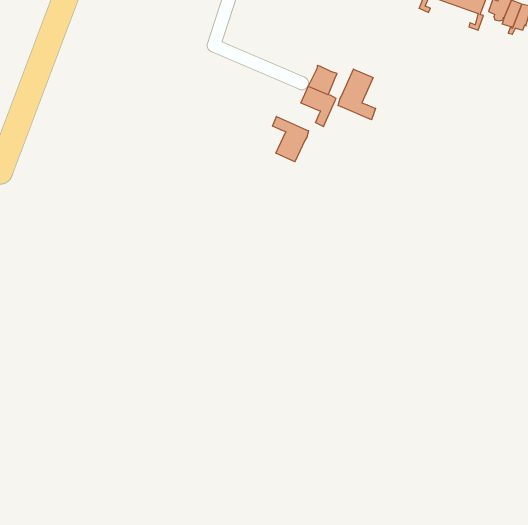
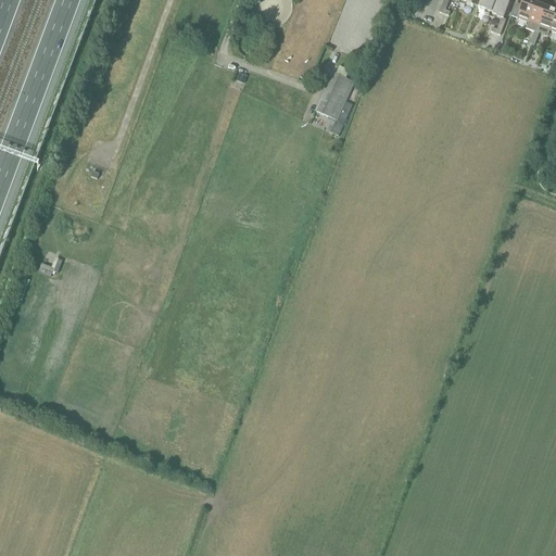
building: [338,69,376,120] -> none
building: [273,116,309,162] -> none

